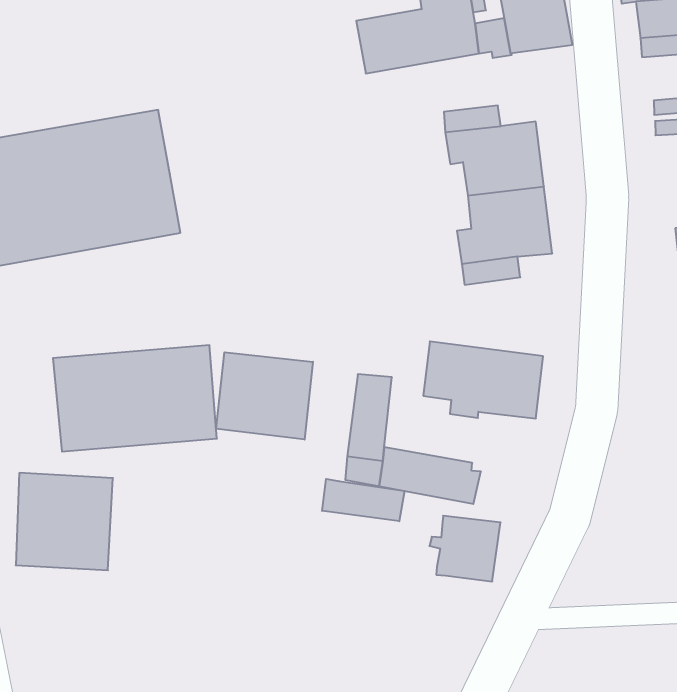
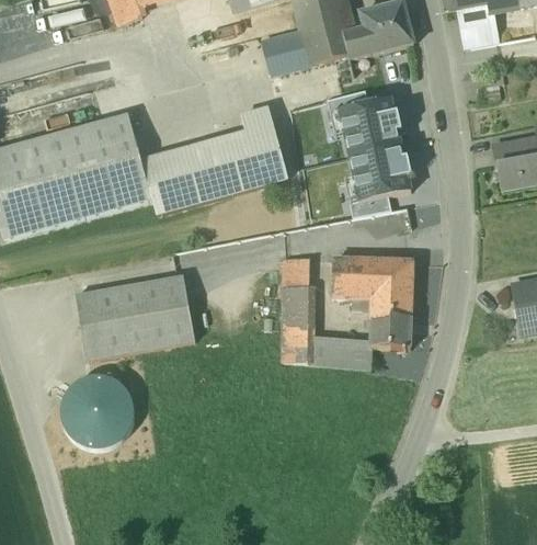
building: none -> [142,107,288,213]
building: none -> [286,258,311,286]
building: [216,352,313,440] -> none
building: [322,479,405,521] -> none
building: [429,516,501,581] -> [365,305,413,348]

